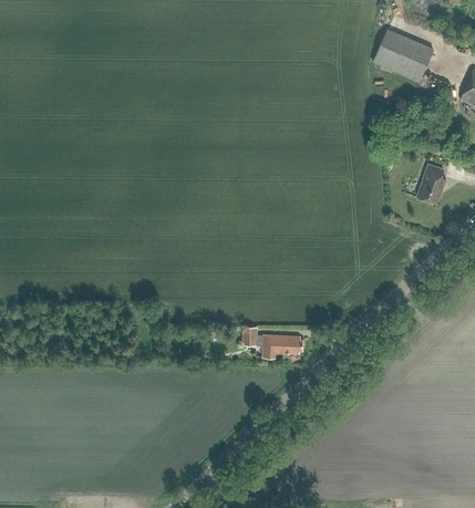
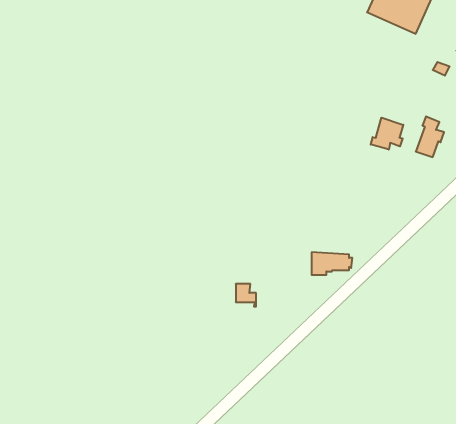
building: none -> [371,118,403,150]
building: [262,335,302,357] -> [312,252,352,275]

